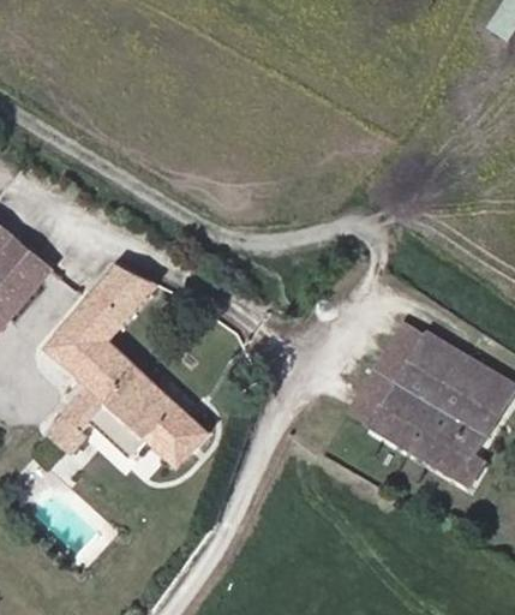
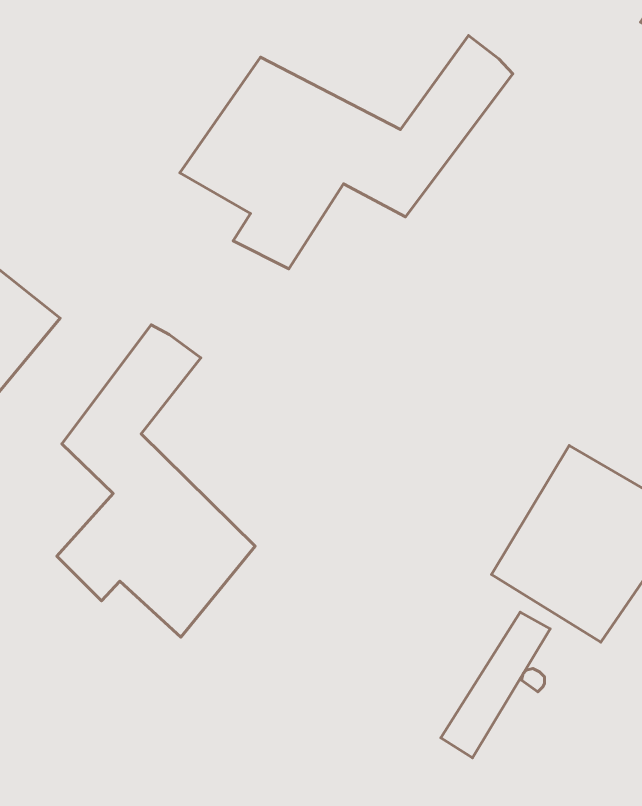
building: none -> [180,36,513,269]
building: [346,332,425,437] -> [441,612,550,758]

